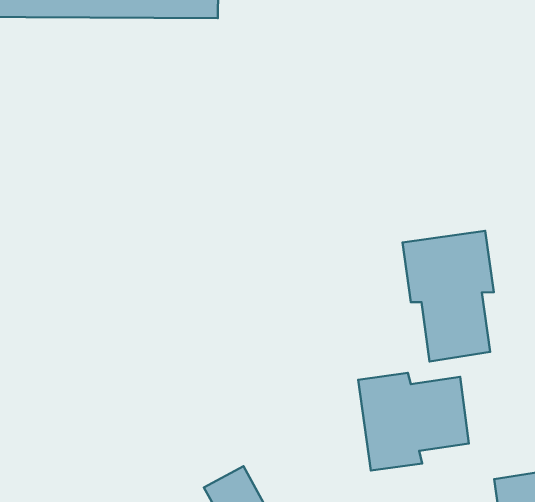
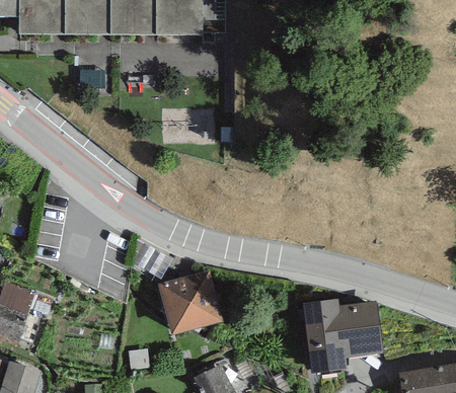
building: [402,231,494,362] -> none
building: none -> [158,266,221,329]

